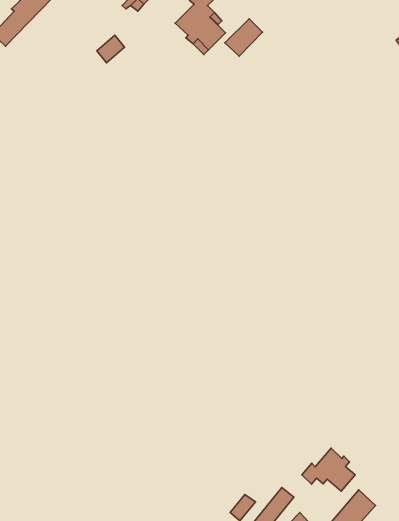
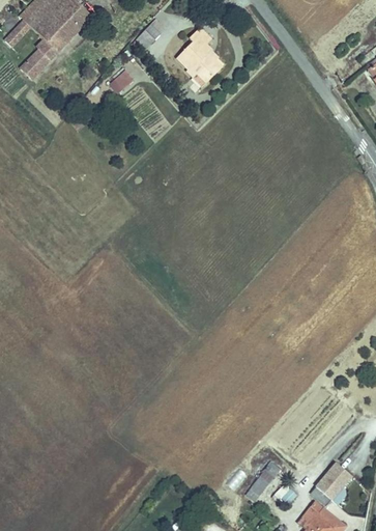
building: [225,19,262,56] -> none
building: [302,448,355,491] -> none

